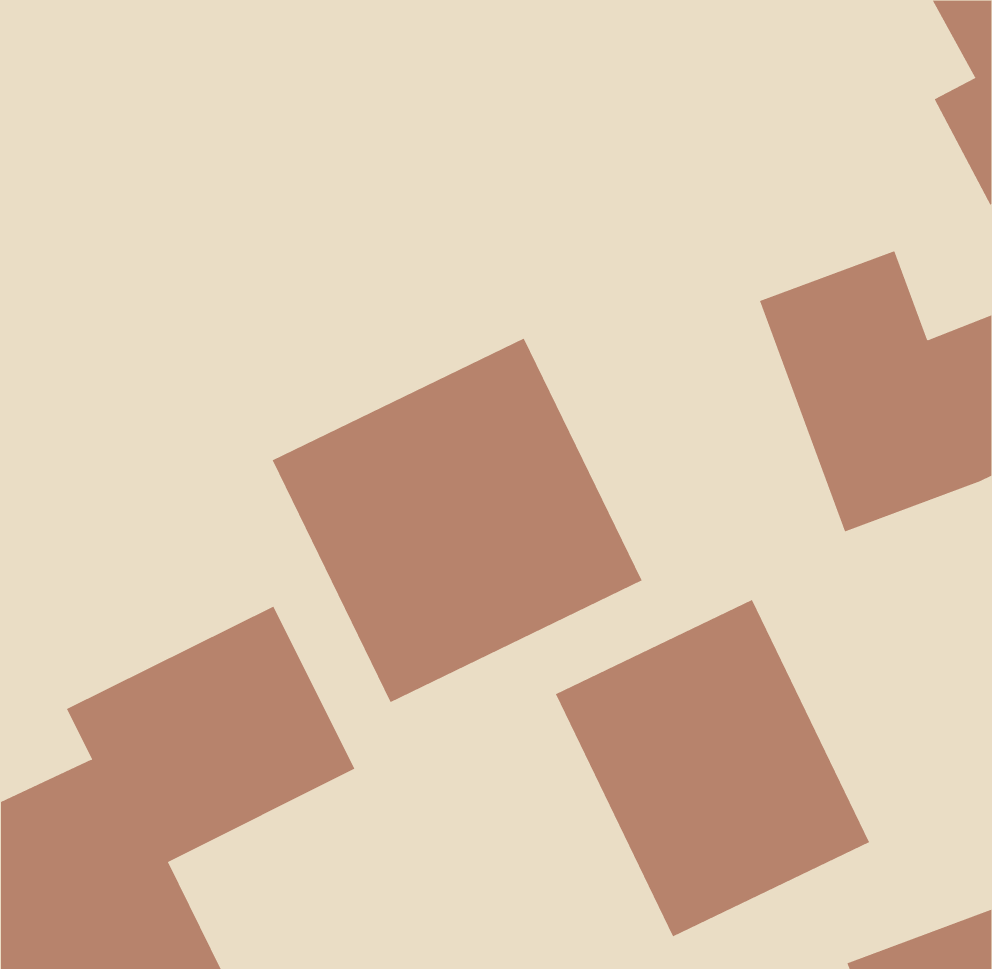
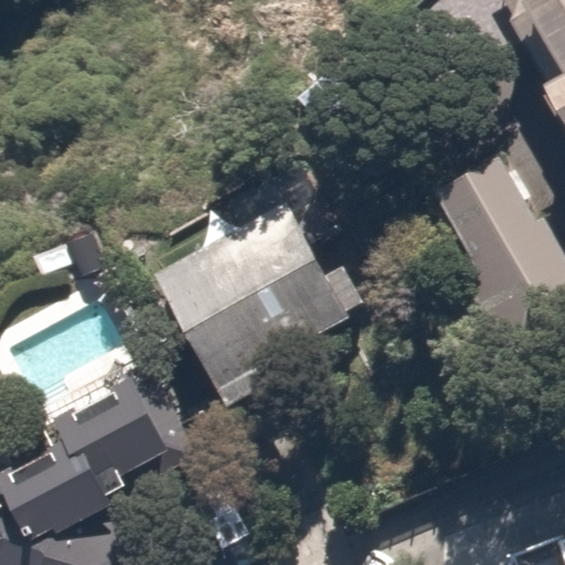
building: [555,599,870,937] -> none

